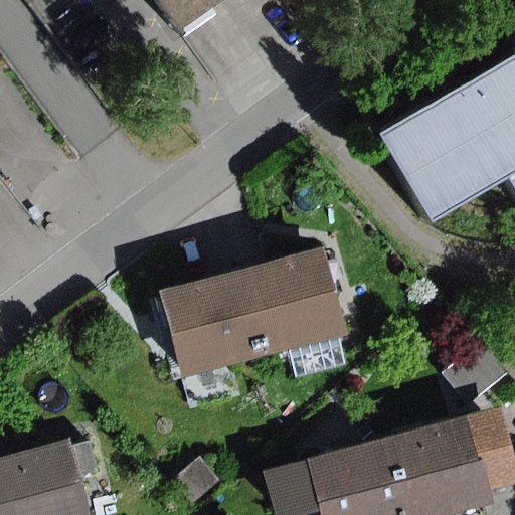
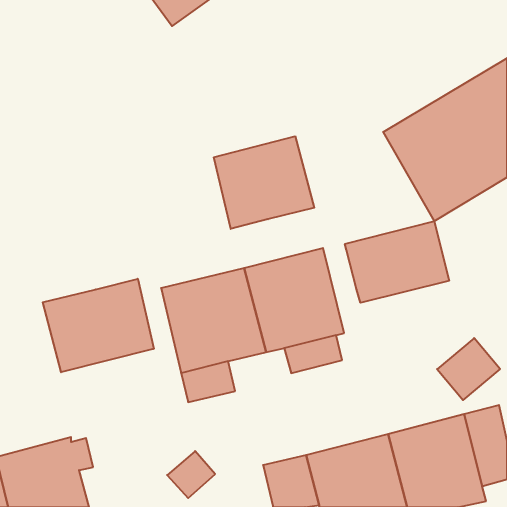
building: none -> [214,136,314,229]
building: none -> [345,221,449,303]
building: none -> [43,279,154,372]

